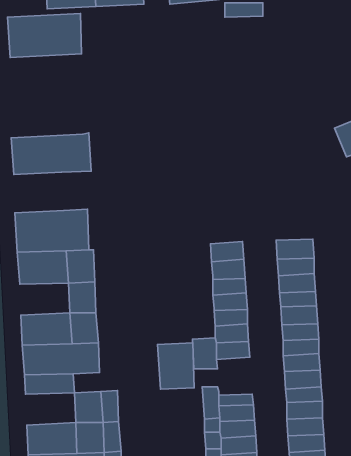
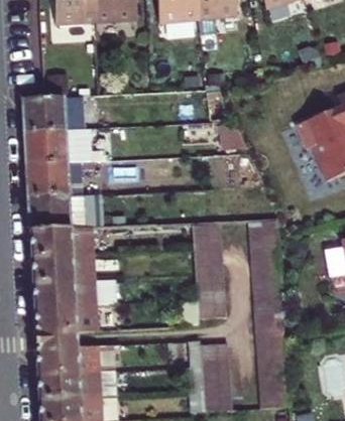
building: [8,13,82,58] -> [22,96,85,133]
building: none -> [26,162,69,196]
building: none -> [31,256,74,283]
building: [158,343,194,389] -> none
building: none -> [36,348,79,376]

